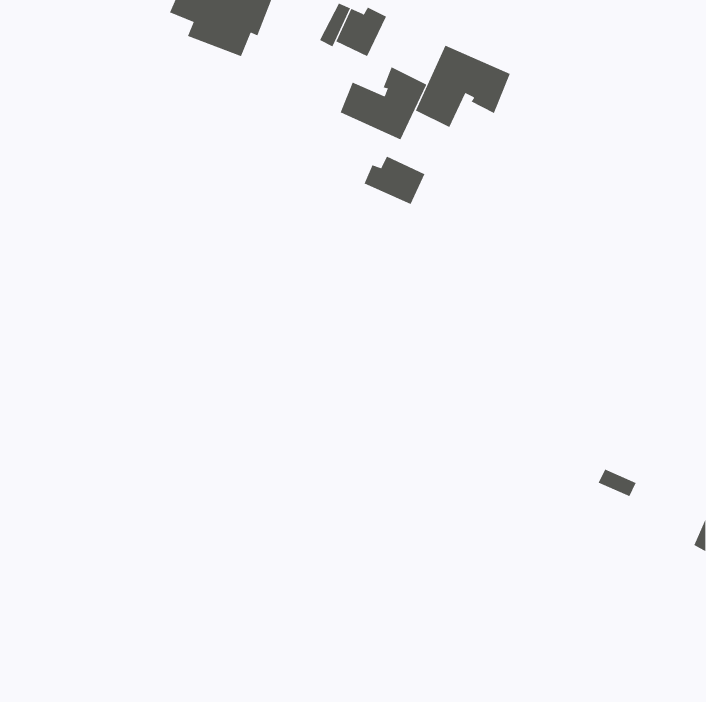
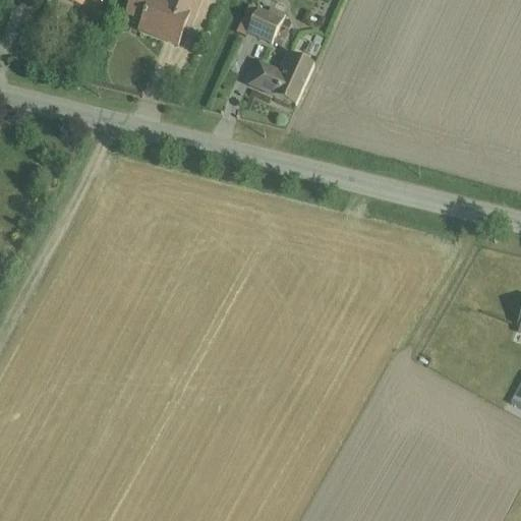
building: [415,45,511,128] -> none
building: [364,156,425,205] -> none

